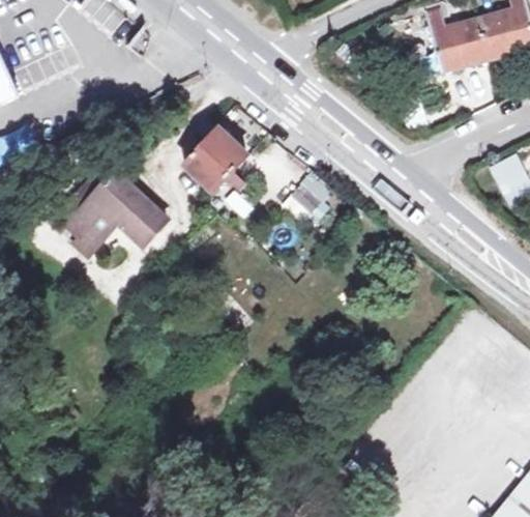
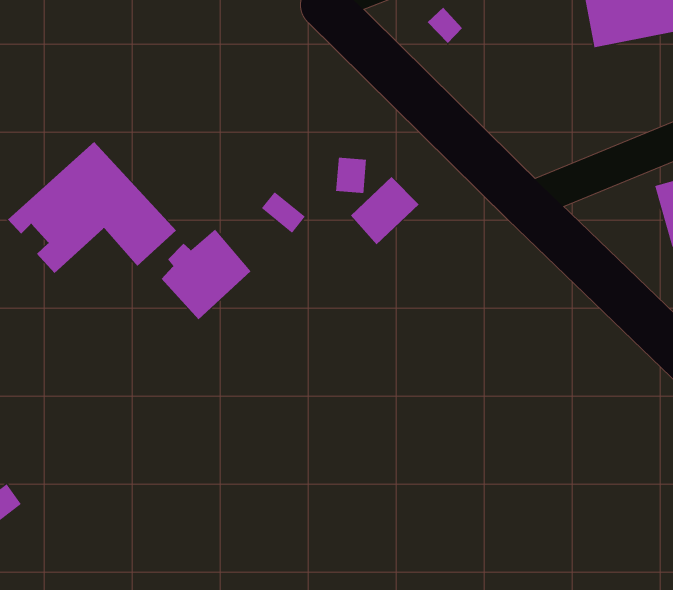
building: [186,128,247,192] -> [161,229,251,320]

